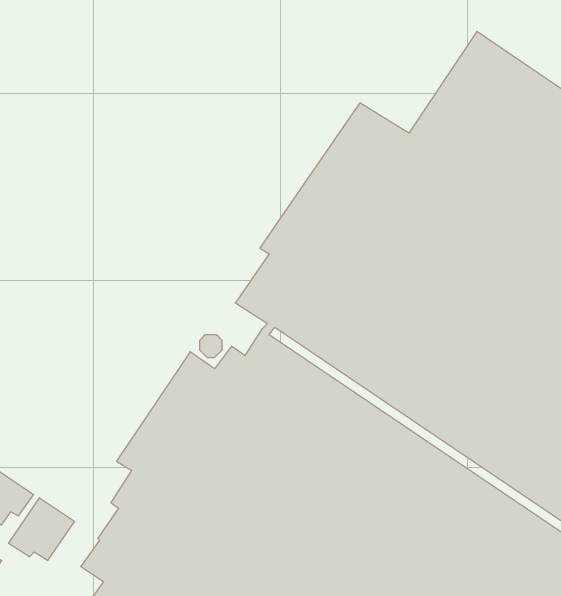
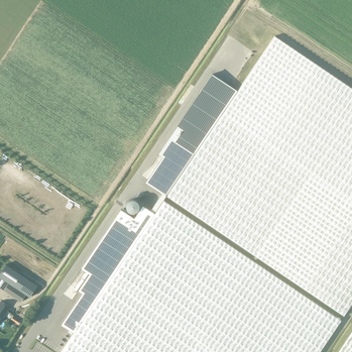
building: [9,498,75,561] -> none

